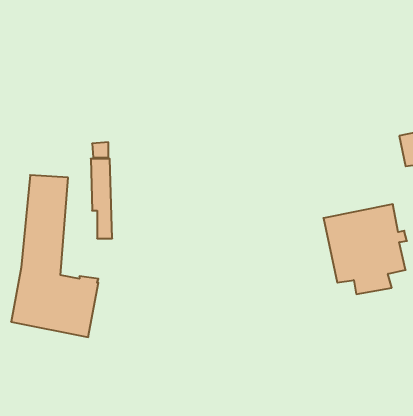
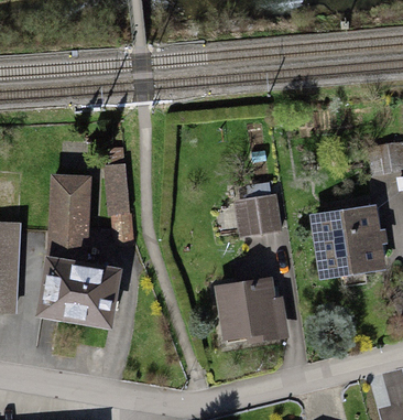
building: none -> [237,193,282,238]
building: none -> [220,282,277,338]

